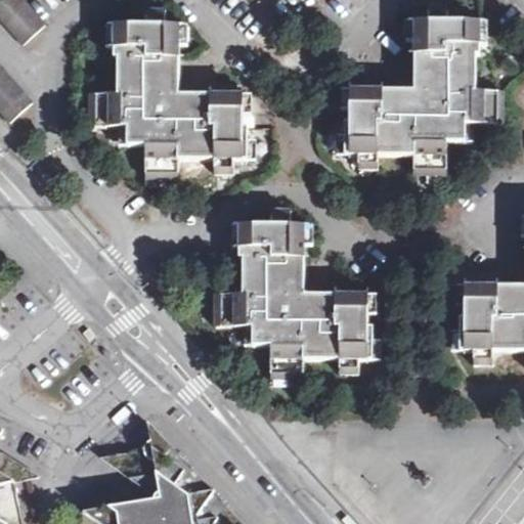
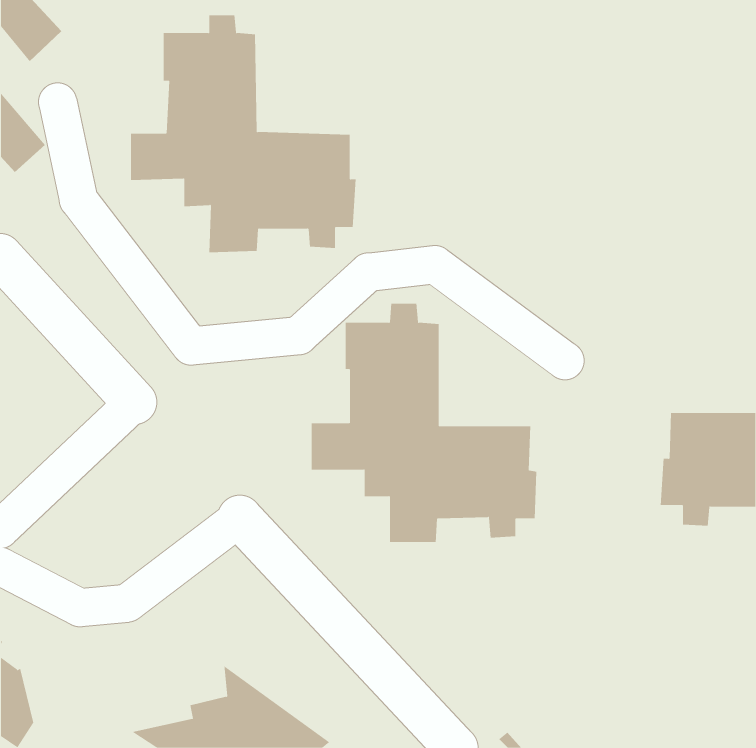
building: [342,5,500,173] -> none

